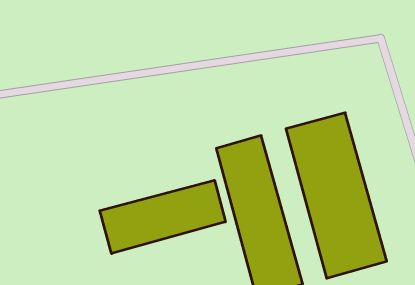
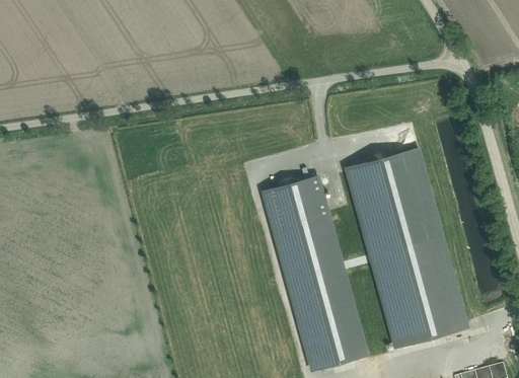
building: [100,180,225,254] -> none

